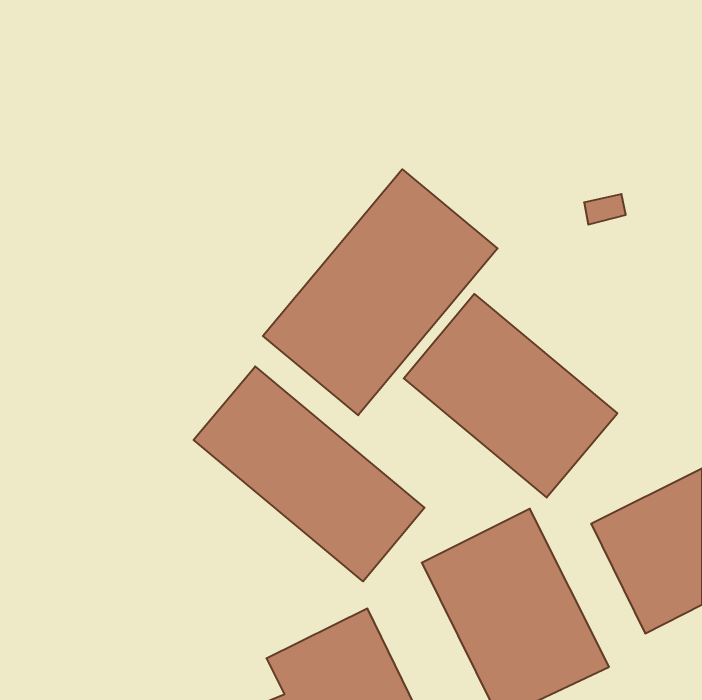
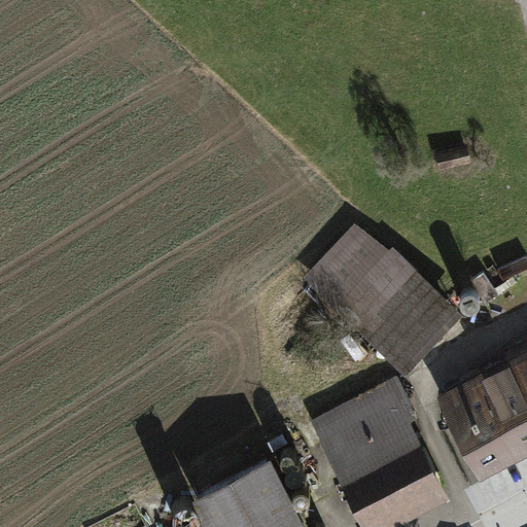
building: [263,169,498,415] -> none
building: [194,366,425,581] -> none

